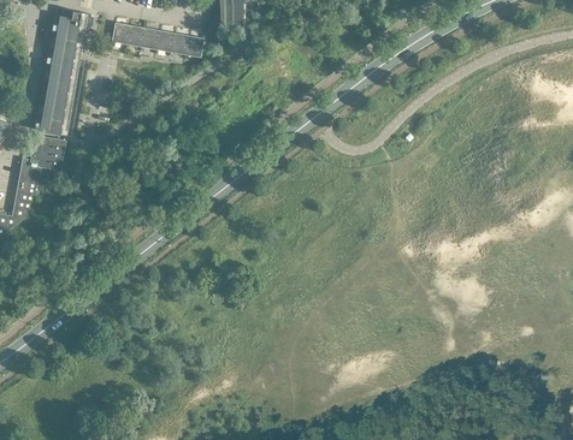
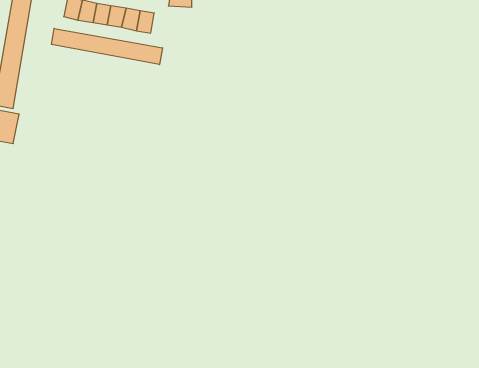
building: none -> [51,28,162,65]

